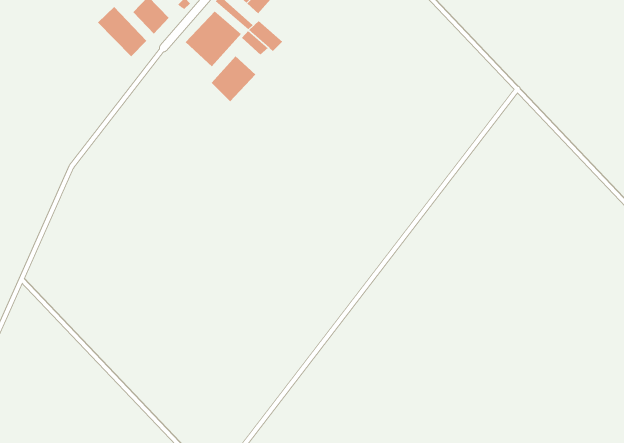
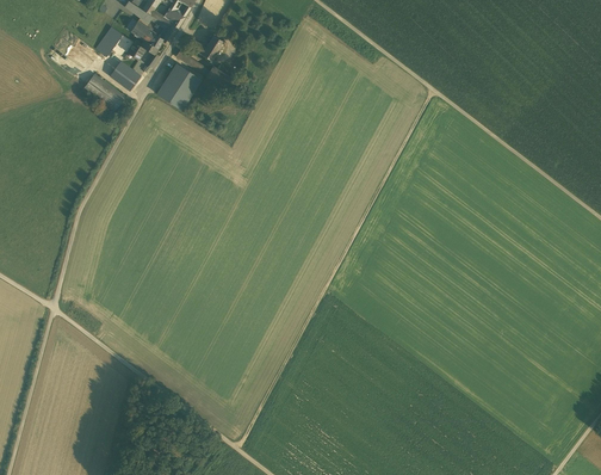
building: [211,56,256,102] -> none

